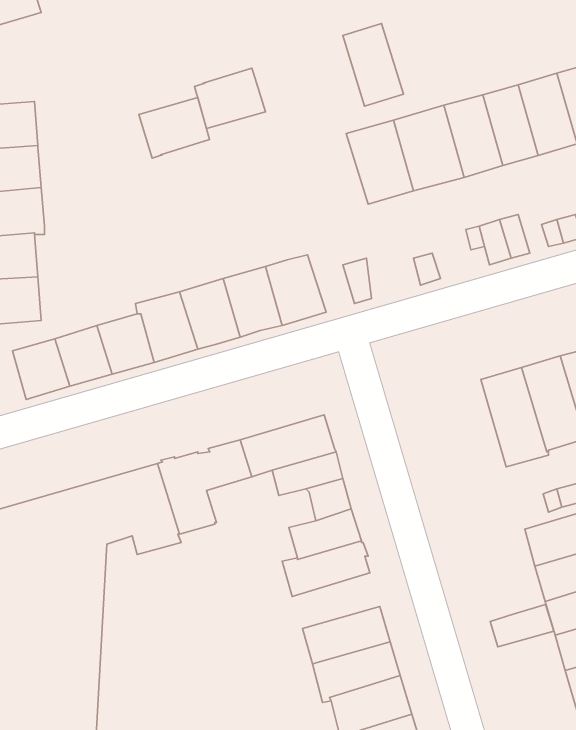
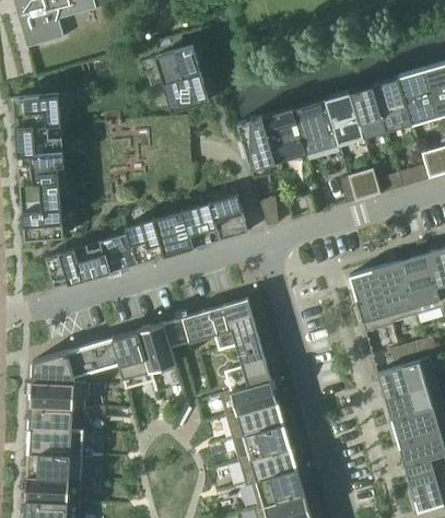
building: [343,24,403,106] -> [236,116,276,169]
building: [139,98,209,158] -> [154,46,200,85]
building: none -> [226,401,283,437]
building: [490,604,554,647] -> none

